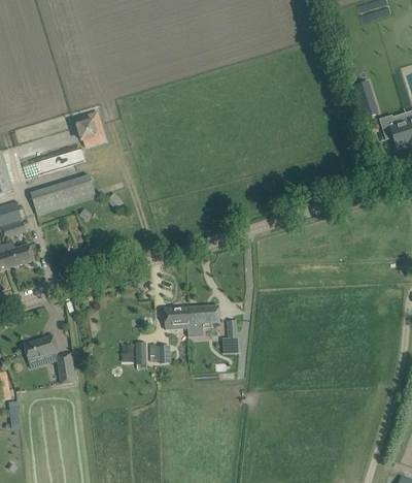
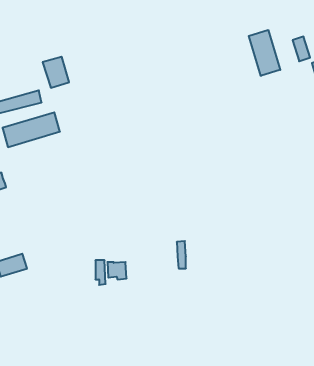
building: none -> [249,30,280,76]
building: [164,304,218,329] -> none
building: [56,352,75,384] -> none

